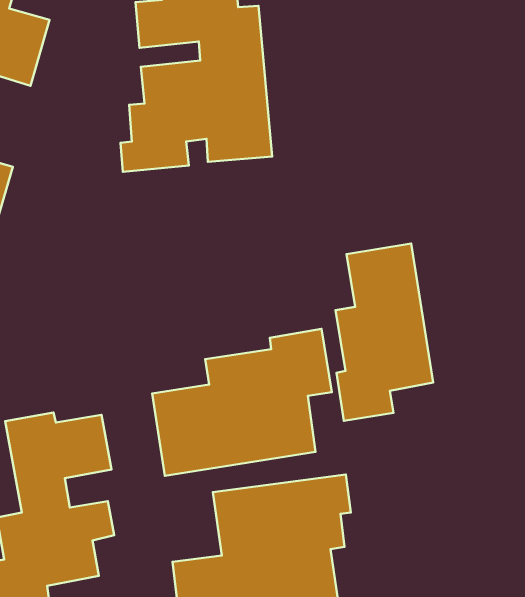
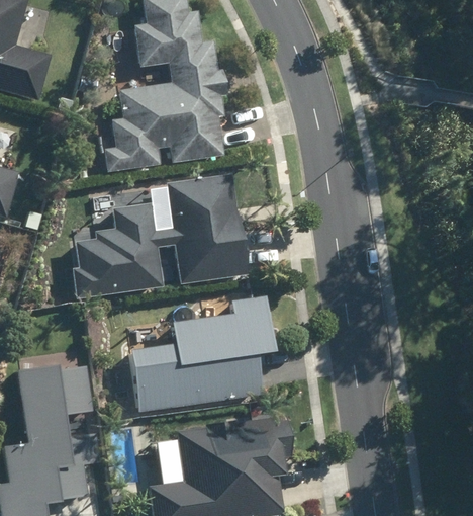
building: none -> [72,173,246,298]
building: [335,243,433,421] -> none

